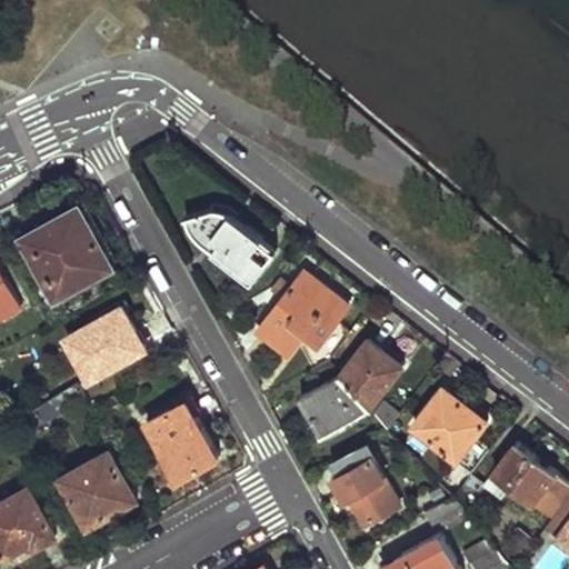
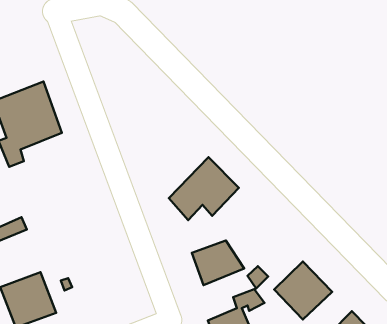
building: [181,210,272,284] -> none
building: [74,307,153,383] -> none
building: [338,340,400,409] -> none
building: [143,401,217,481] -> none

